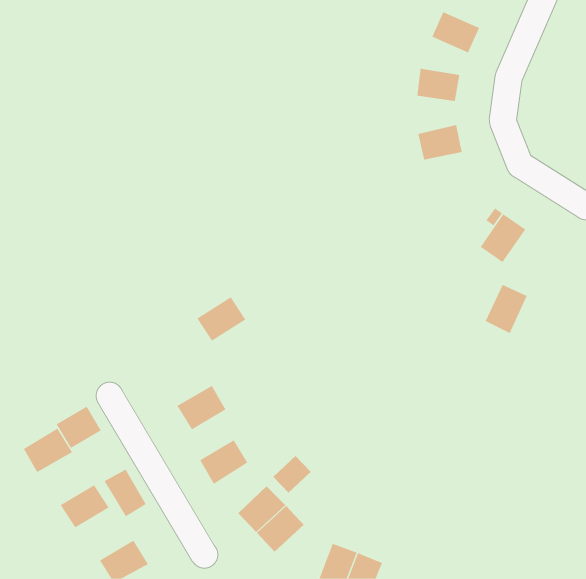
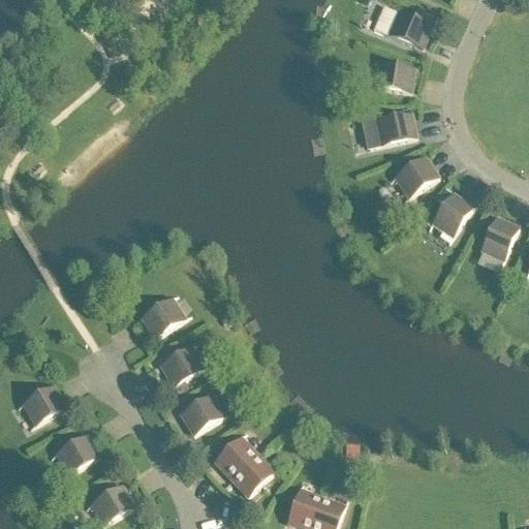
building: none -> [393,155,437,196]
building: [485,284,528,334] -> [478,215,517,259]
building: [196,297,246,342] -> [139,297,184,337]
building: [56,406,102,449] -> none
building: [272,455,311,494] -> none
building: [104,469,147,517] -> none

